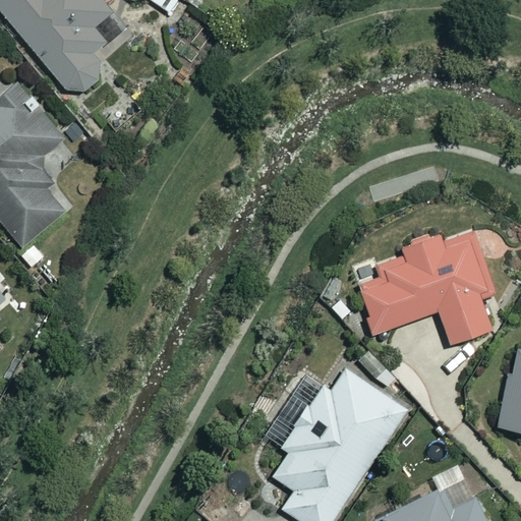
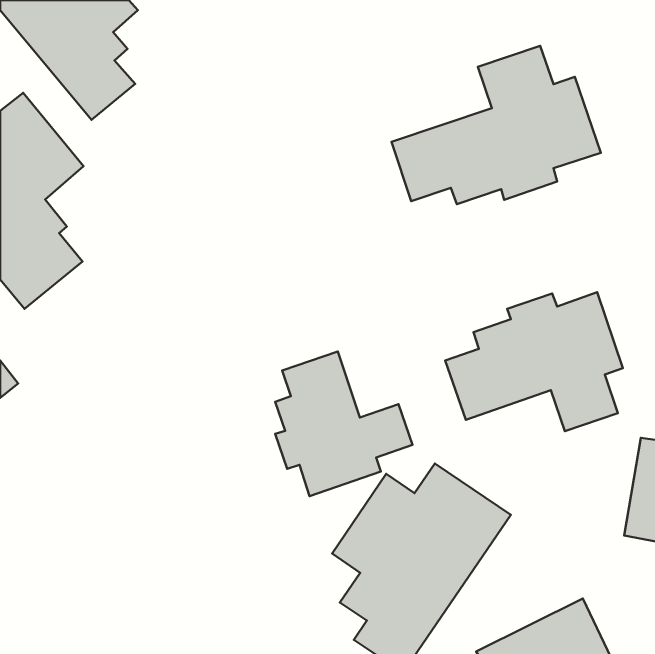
building: none -> [391,46,601,204]
building: none -> [275,352,412,496]

